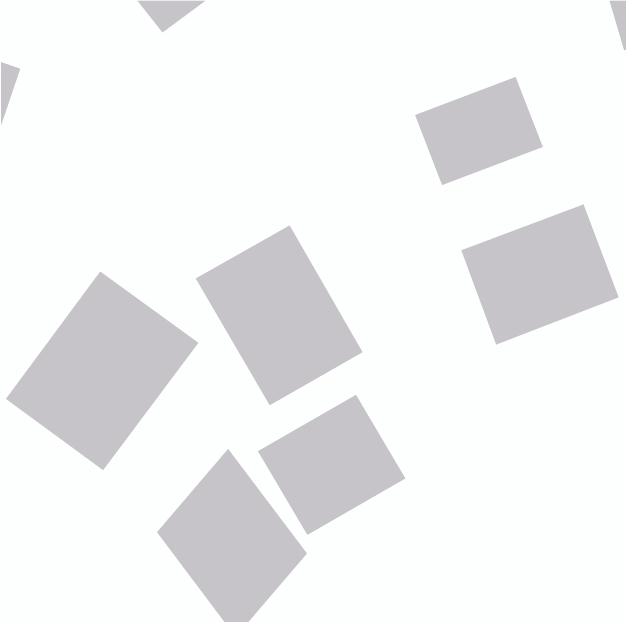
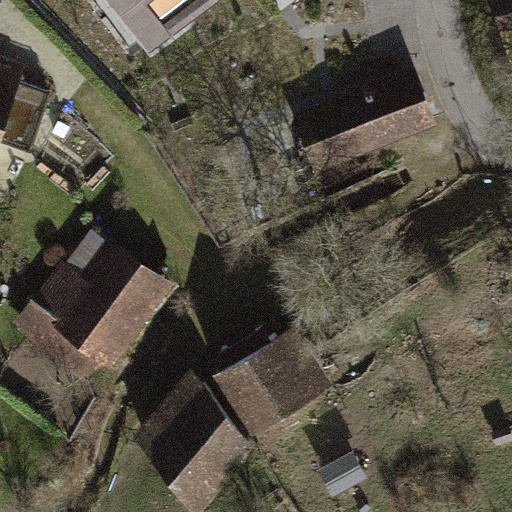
building: [461,203,619,346] -> none
building: [195,225,363,406] -> none

